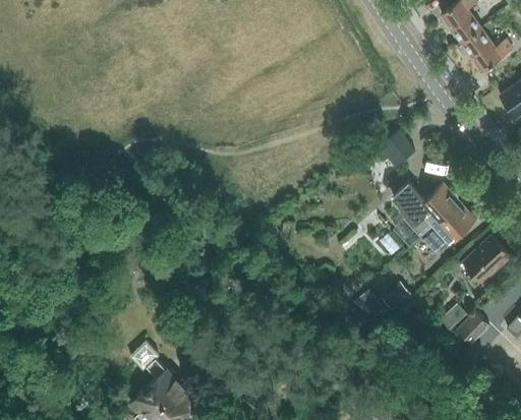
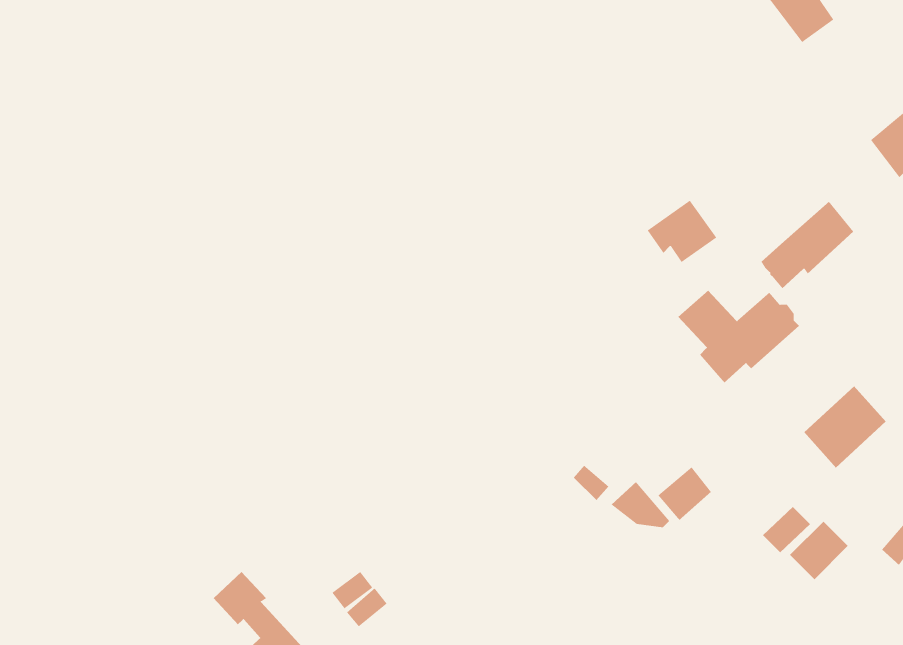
building: [462,29,512,72] -> none
building: [422,202,475,252] -> [761,201,854,289]

